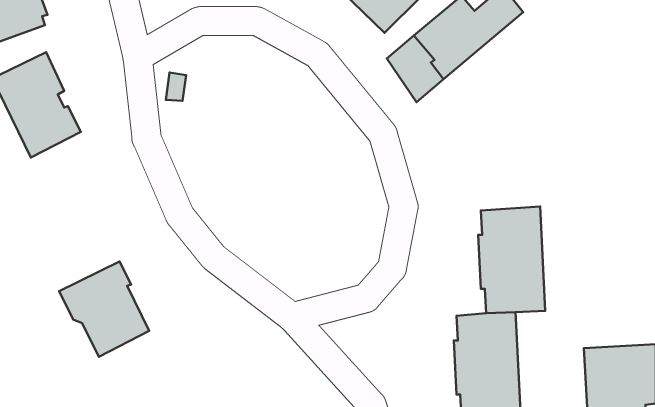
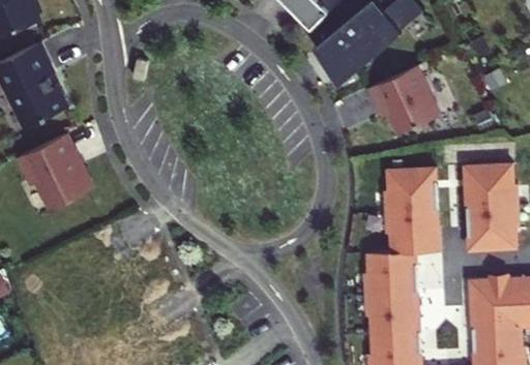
building: none -> [369,65,438,134]
building: none -> [464,163,518,250]
building: [59,261,149,357] -> [17,134,89,211]

